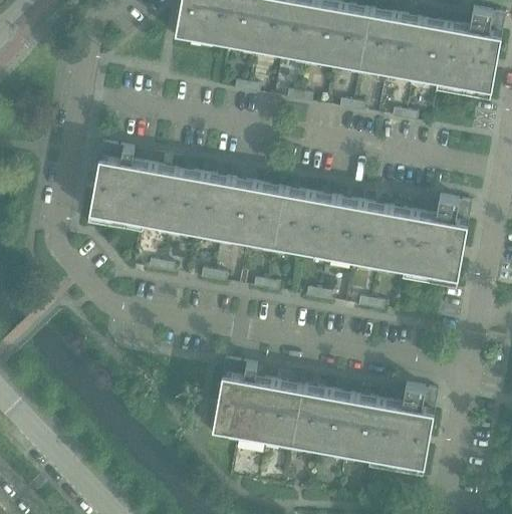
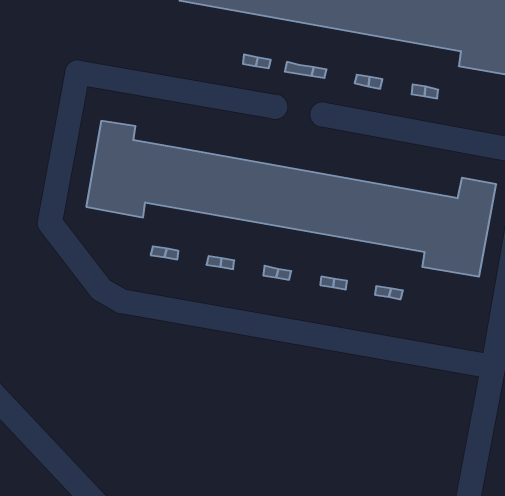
building: [211,365,436,483] -> none

